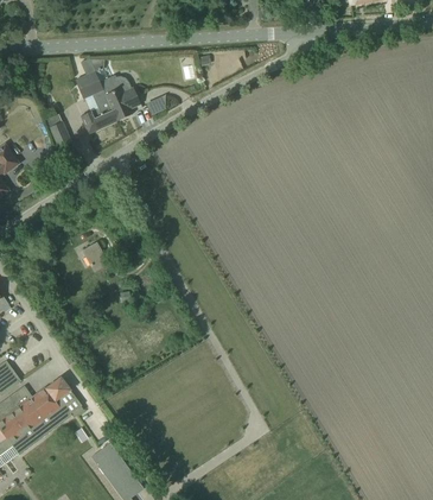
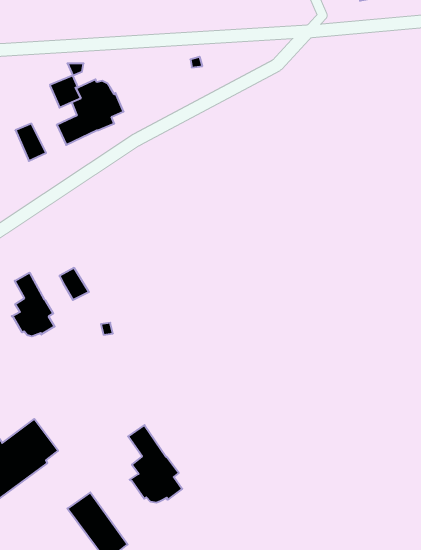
building: none -> [12,273,55,336]
building: none -> [128,425,182,503]

